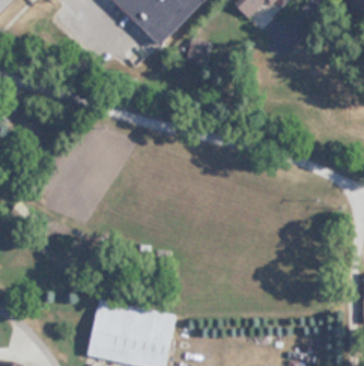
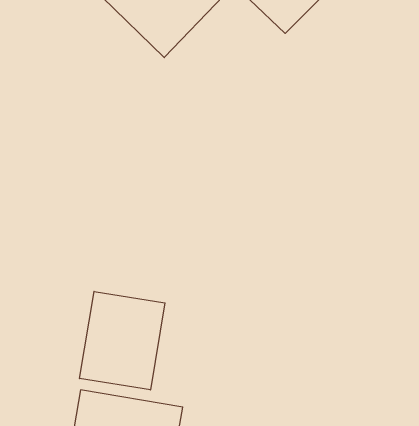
building: none -> [80,291,165,390]

